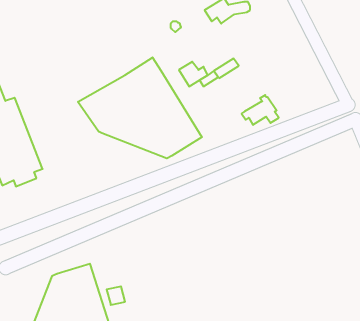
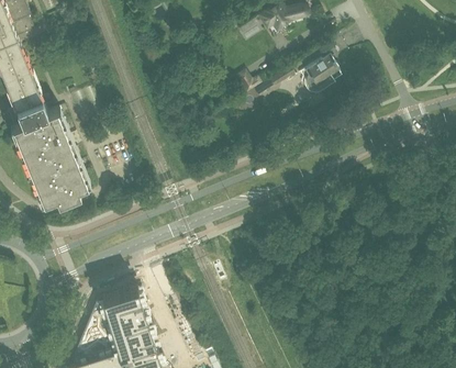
building: [78,57,202,158] -> none
building: [242,95,279,125] -> [302,52,342,83]

